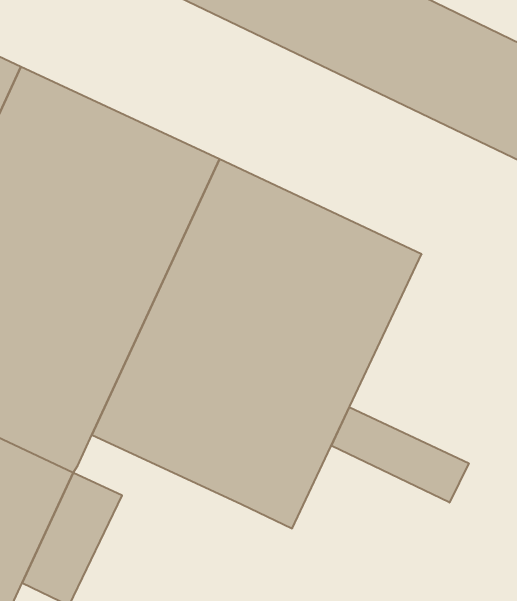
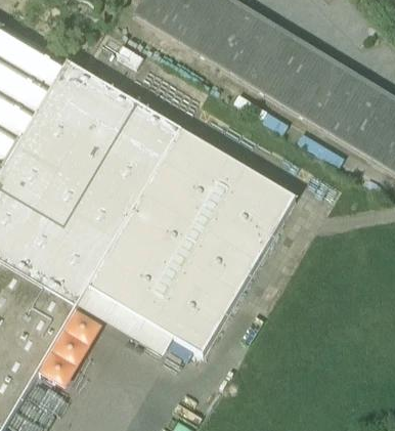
building: [332,407,469,503] -> none
building: none -> [78,286,173,353]

